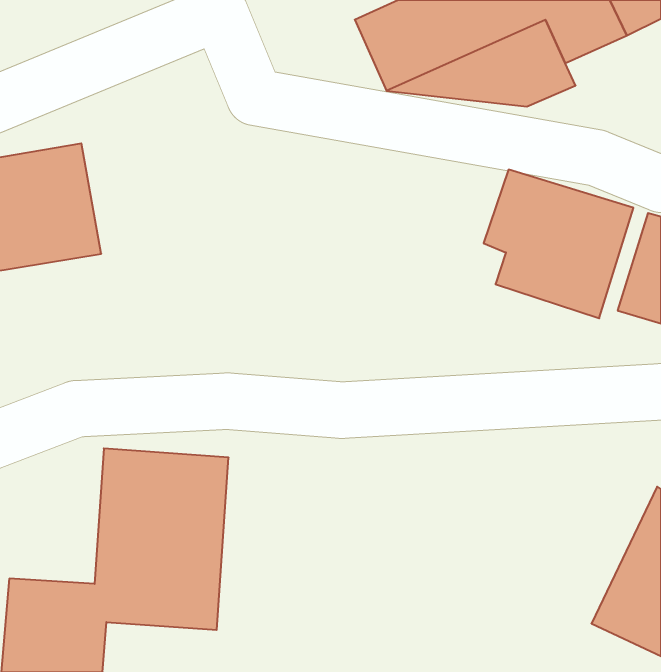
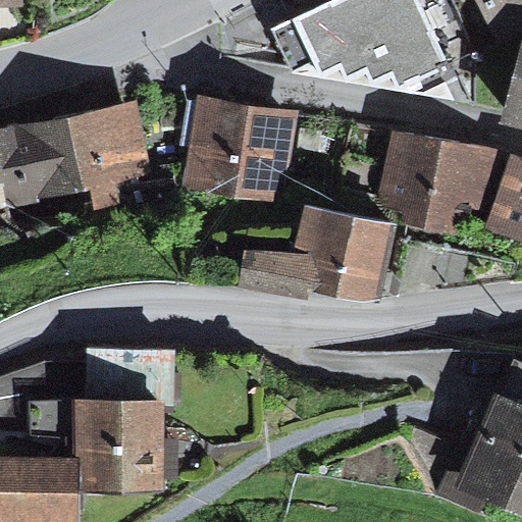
building: none -> [175,88,296,201]
building: none -> [63,98,153,197]
building: none -> [243,208,396,310]

